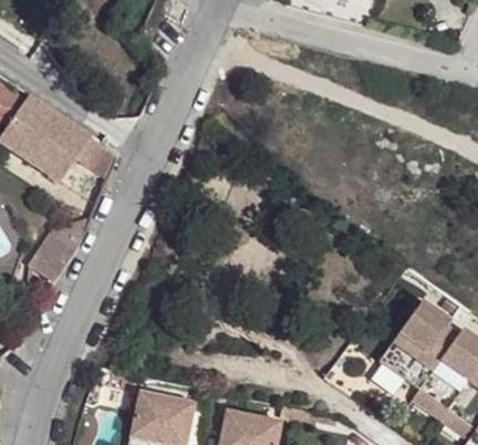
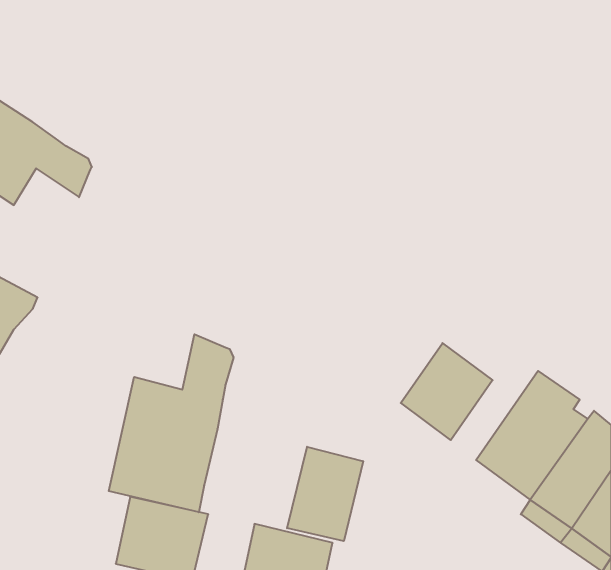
building: none -> [109,334,233,512]
building: none -> [401,343,493,440]
building: none -> [287,447,363,541]

